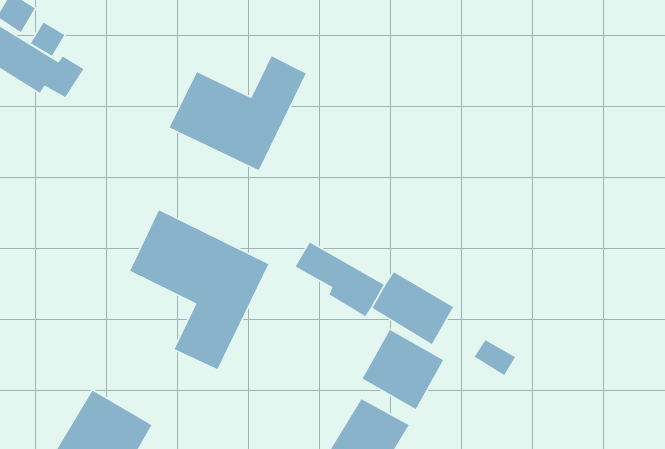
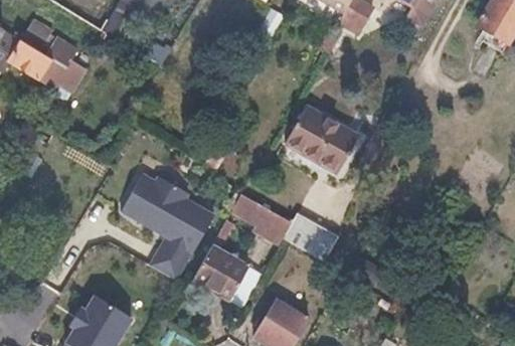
building: [168,55,307,171] -> none
building: none -> [285,106,356,171]
building: [361,329,444,410] -> [192,242,248,298]

